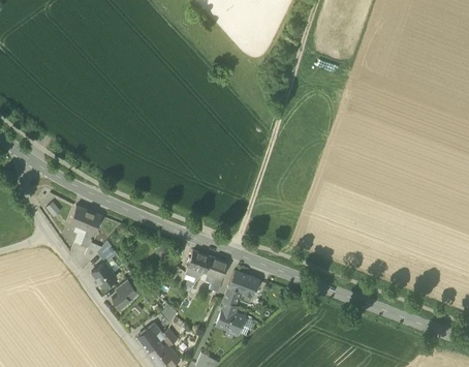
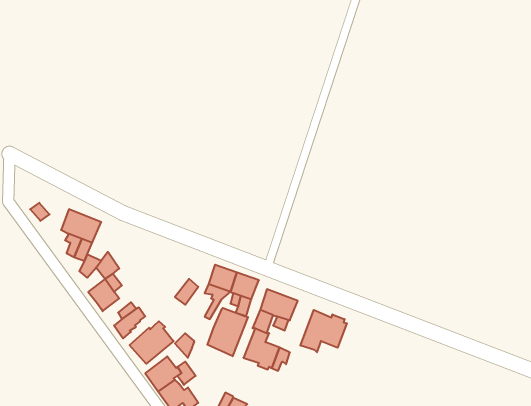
building: none -> [207,308,248,356]
building: none -> [300,310,347,352]
building: none -> [130,321,174,364]

